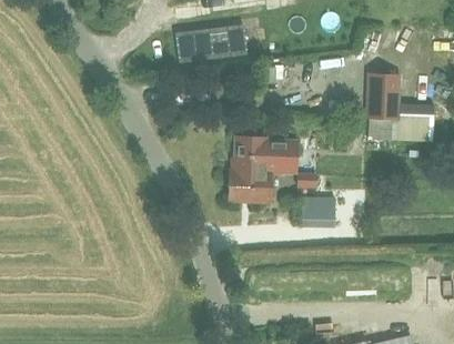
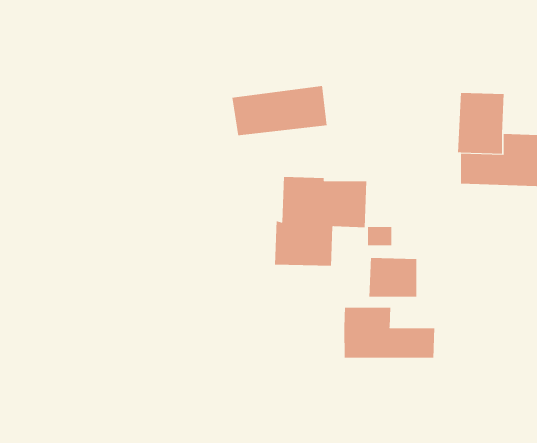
building: [175,23,248,61] -> [232,86,327,136]
building: none -> [344,307,435,359]

